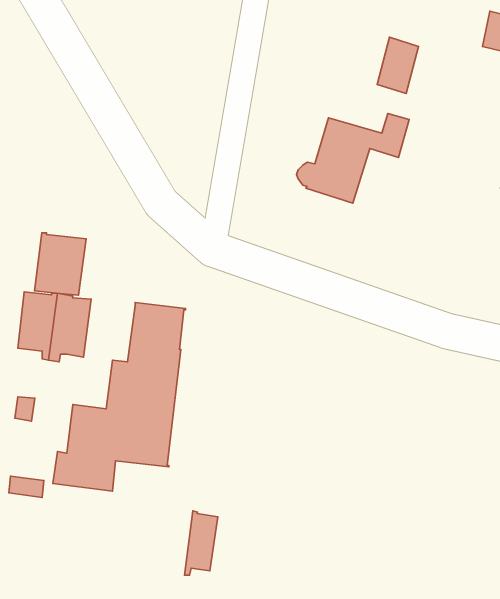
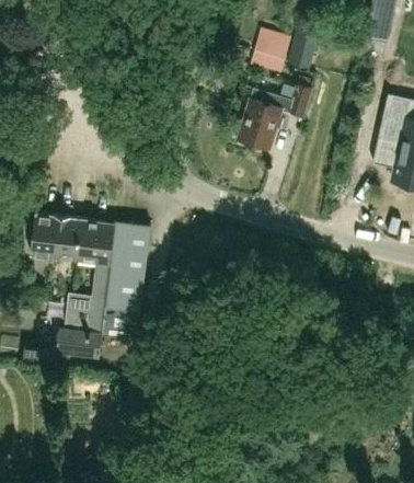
building: none -> [253,28,291,60]
building: [34,233,86,295] -> [77,219,114,264]
building: [185,511,218,575] -> none

